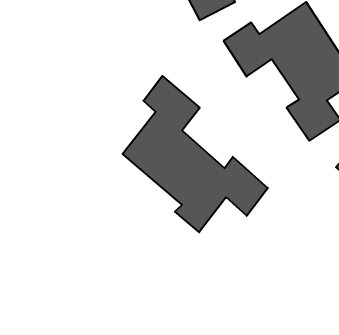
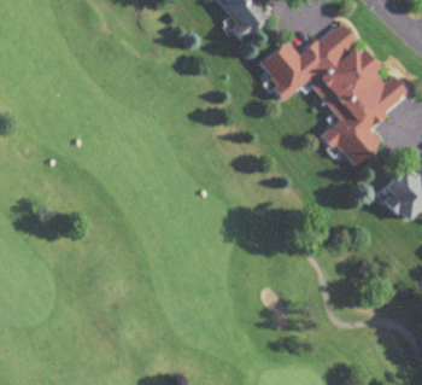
building: [123,76,268,232] -> none

